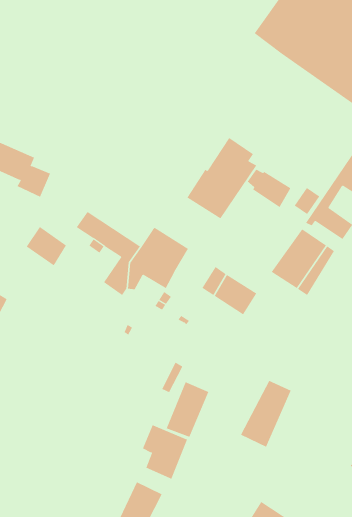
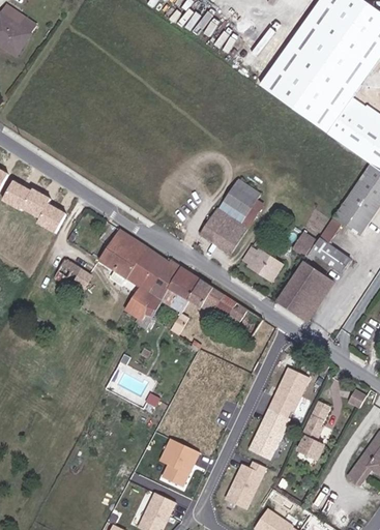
building: [247,169,291,208] -> [242,246,283,282]
building: none -> [109,228,168,277]
building: none -> [188,279,225,315]
building: none -> [273,359,312,408]
building: [166,382,209,437] -> [226,458,265,508]
building: none -> [298,401,329,460]

